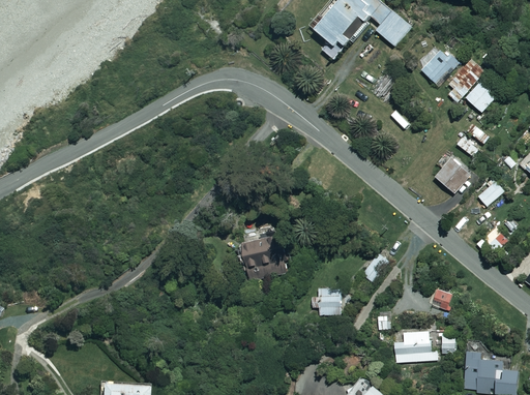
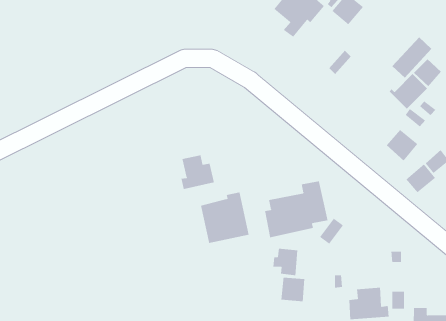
building: [417,45,460,85] -> [389,73,428,110]
building: none -> [181,154,215,190]
building: none -> [406,163,436,193]
building: none -> [265,180,328,238]
building: none -> [281,277,305,302]

